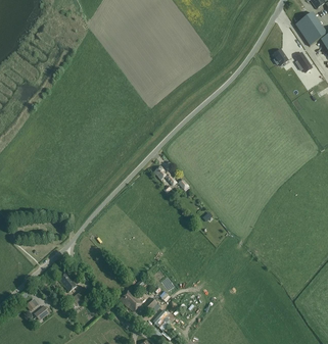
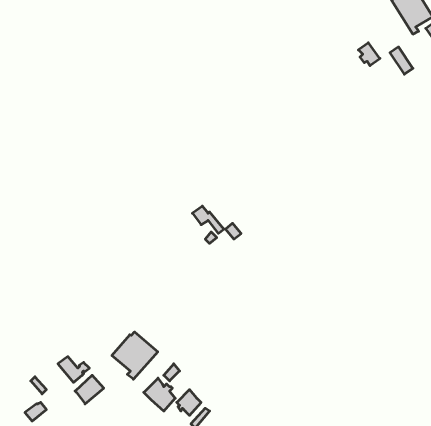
building: none -> [112,332,158,379]

